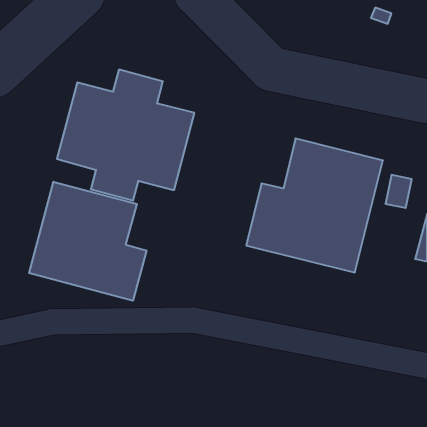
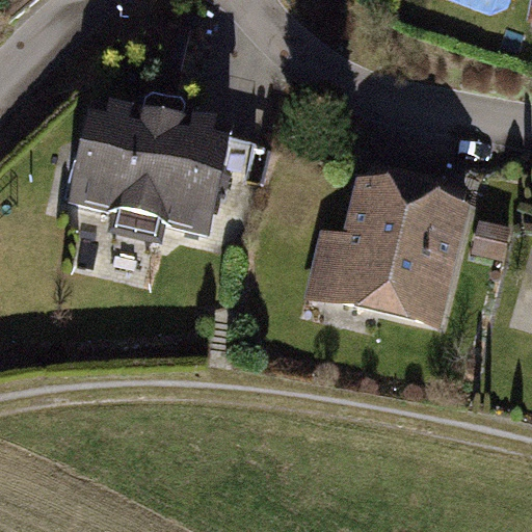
building: [29,182,146,301] -> none

